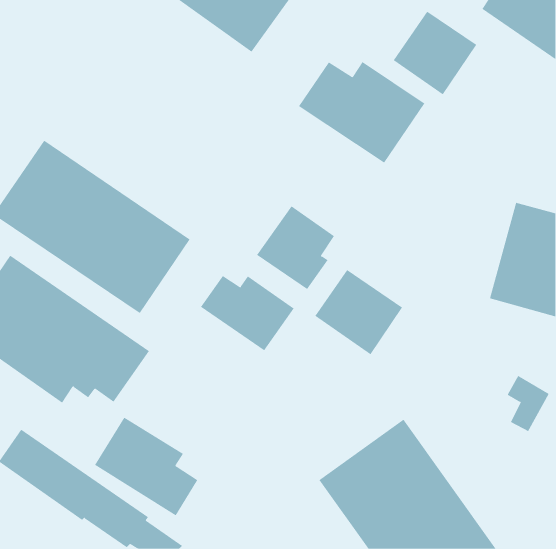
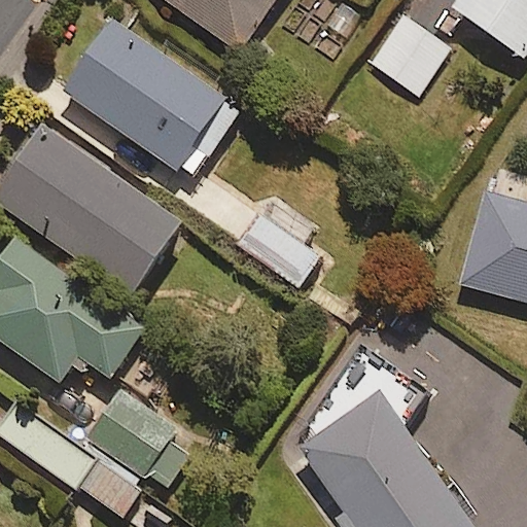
building: none -> [62,19,242,181]
building: [298,61,425,163] -> none
building: [314,269,403,355] -> none
building: [200,275,294,351] -> none

